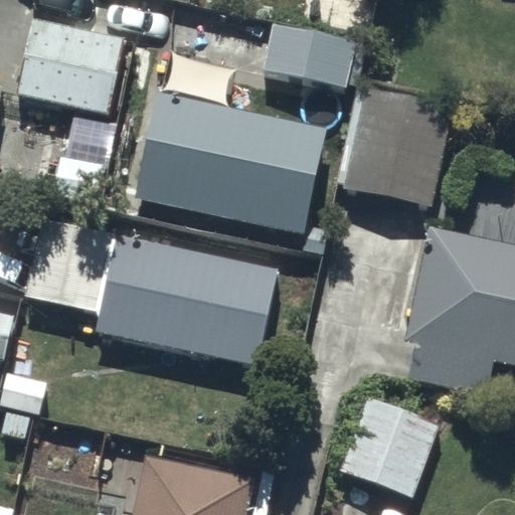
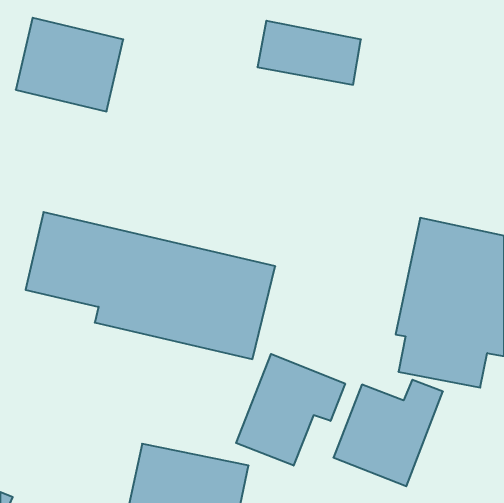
building: [343,87,453,205] -> none
building: [135,92,326,231] -> none
building: none -> [236,354,345,466]

